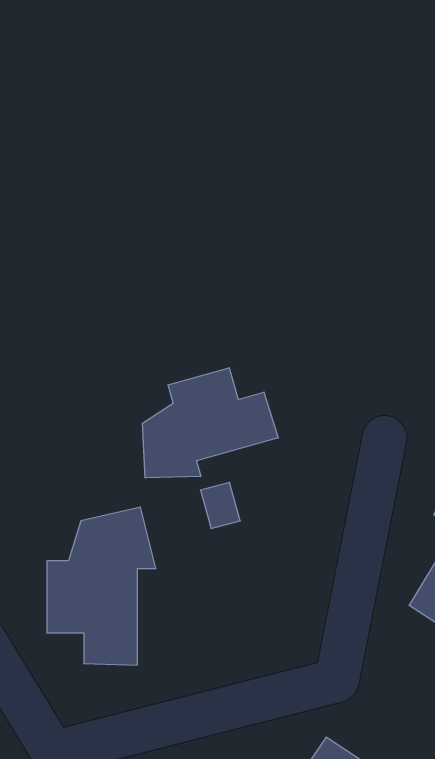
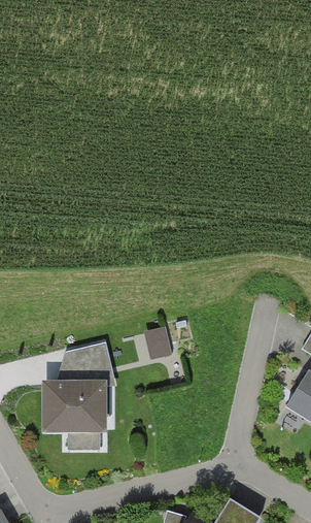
building: [143,368,278,478] -> none

